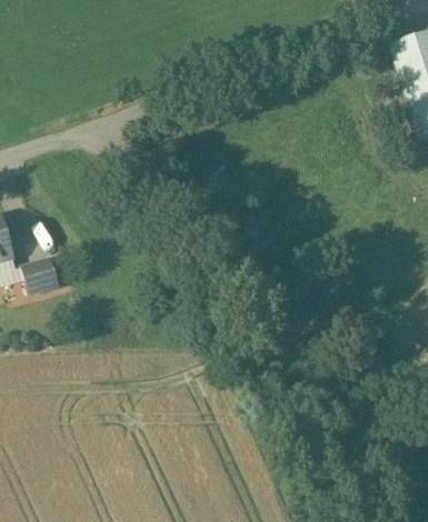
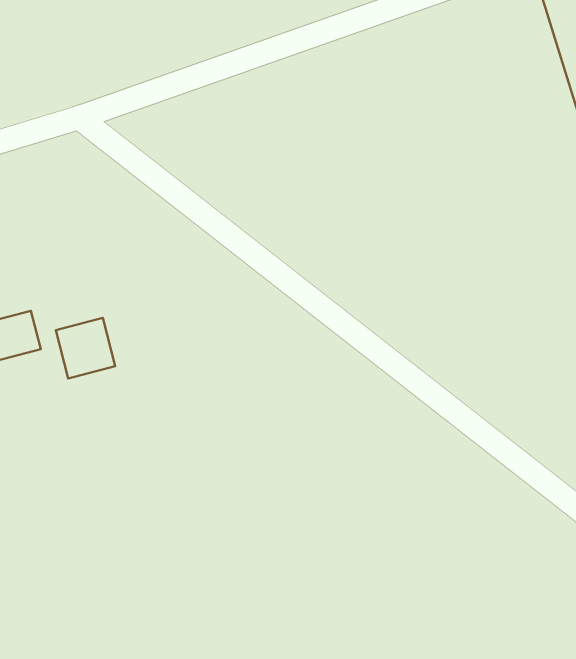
building: none -> [56,318,115,378]

